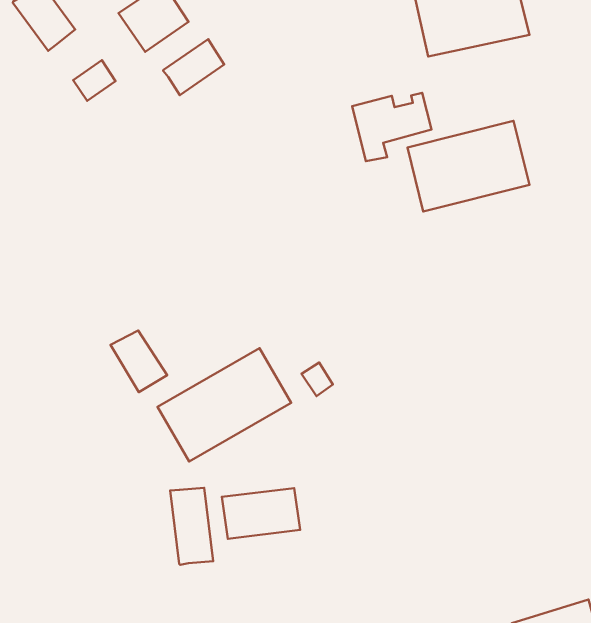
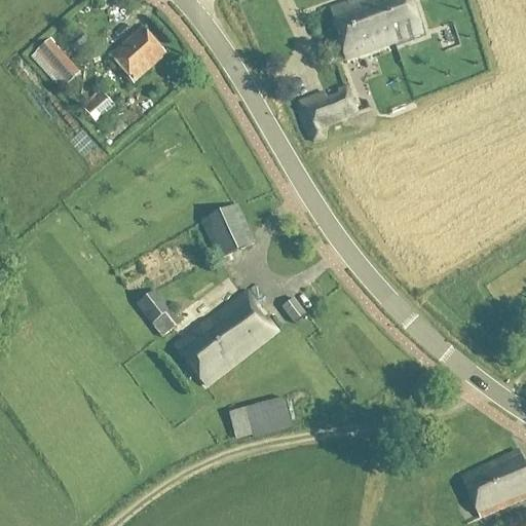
building: [163,39,224,95] -> none
building: [407,121,529,211] -> none
building: none -> [203,204,255,257]
building: [170,488,213,565] -> none

